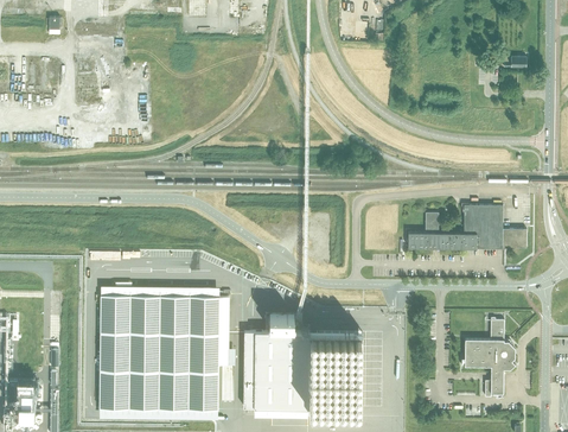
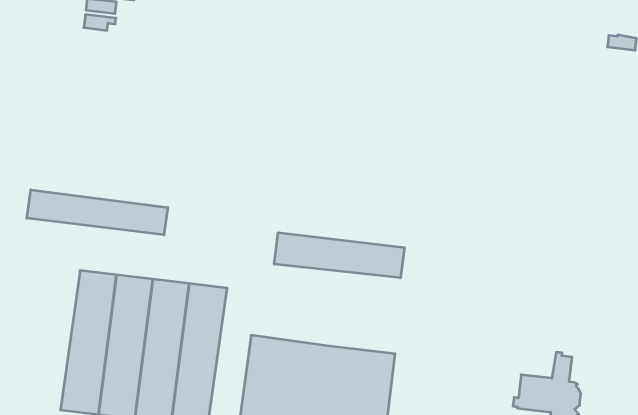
building: [408,204,526,249] -> none
building: none -> [27,190,168,235]
building: none -> [274,233,404,278]

